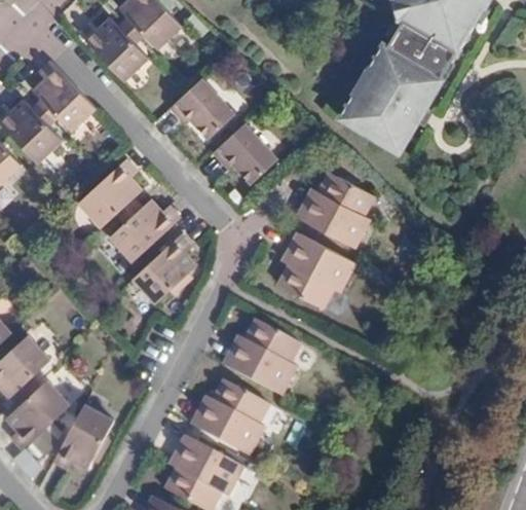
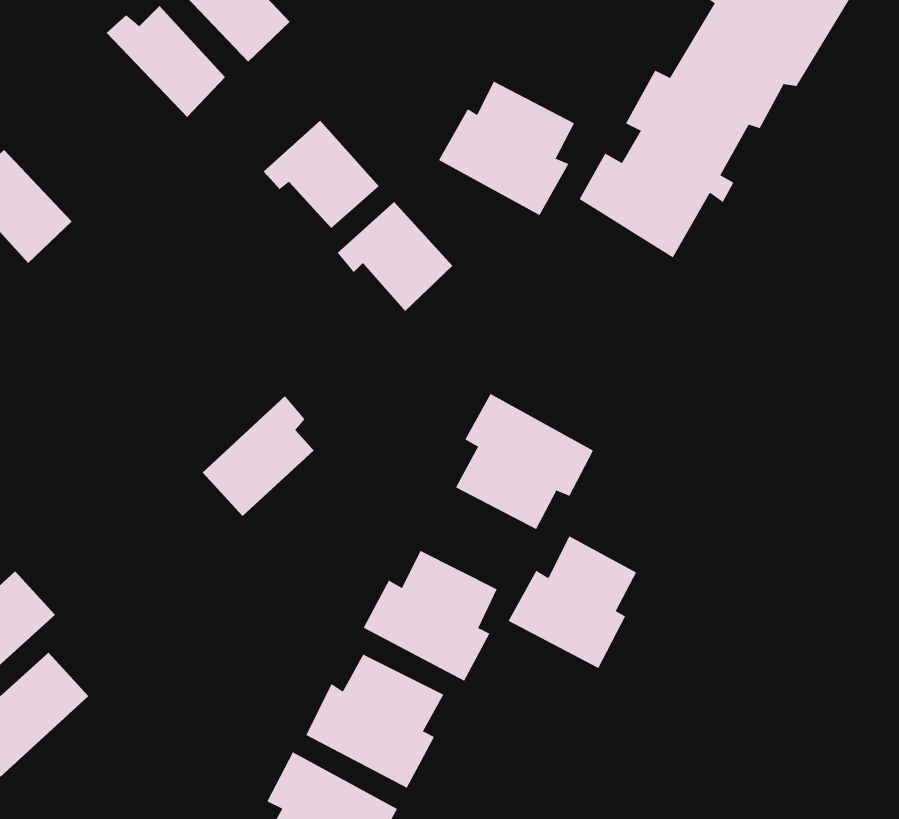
building: [33,61,95,131] -> none
building: [79,159,143,226] -> none
building: [294,173,370,248] -> [438,81,575,216]
building: [109,198,180,261] -> none
building: none -> [508,536,637,669]
building: [53,400,115,466] -> none

